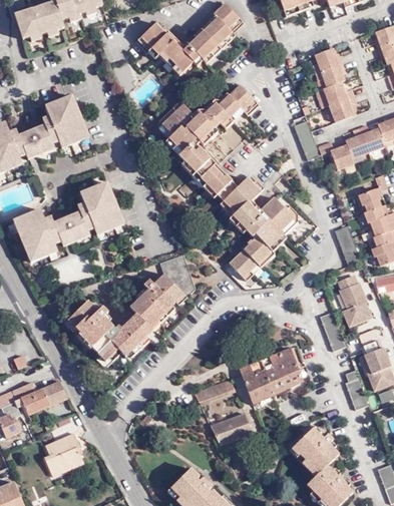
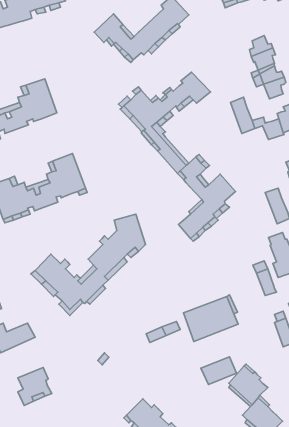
building: [210,412,251,444] -> [201,357,236,385]

